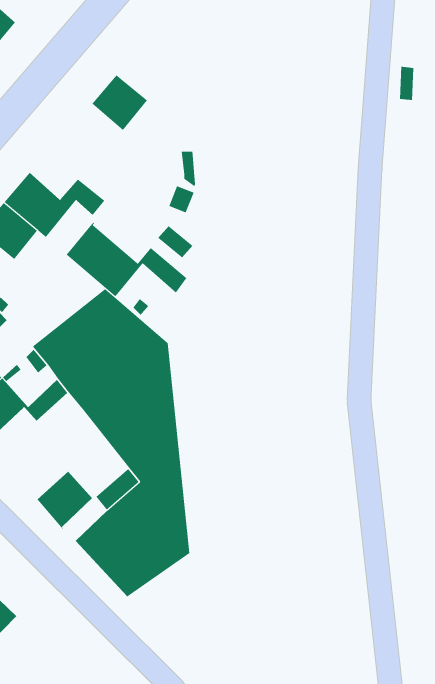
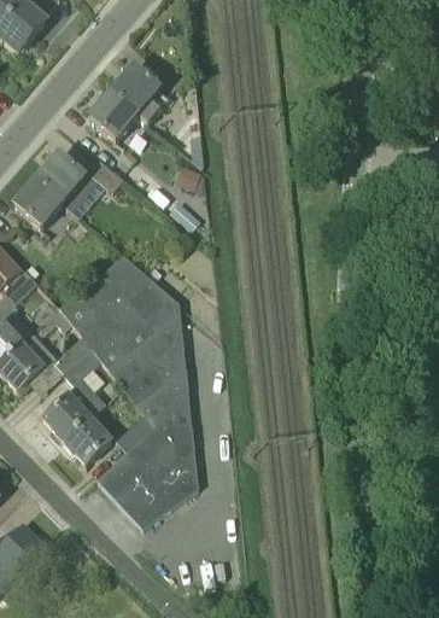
building: none -> [89,92,139,141]
building: [66,222,187,297] -> none
building: none -> [40,346,105,441]

